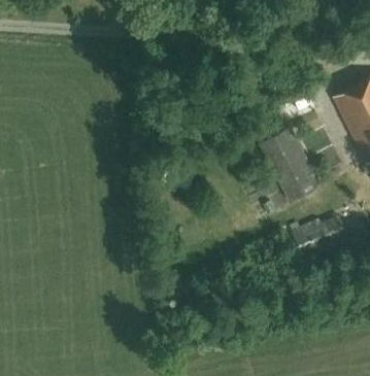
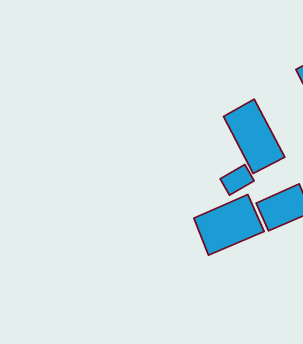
building: none -> [194,195,264,255]

